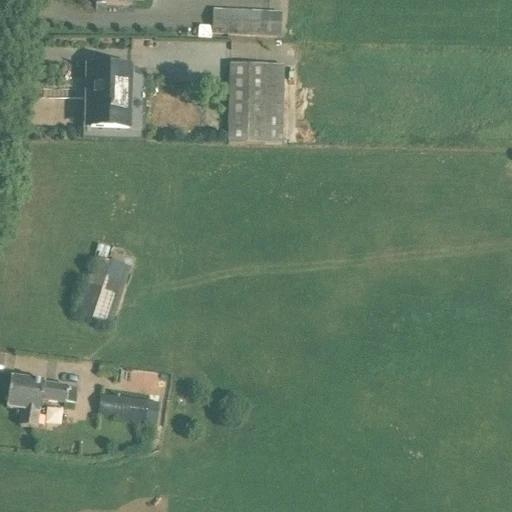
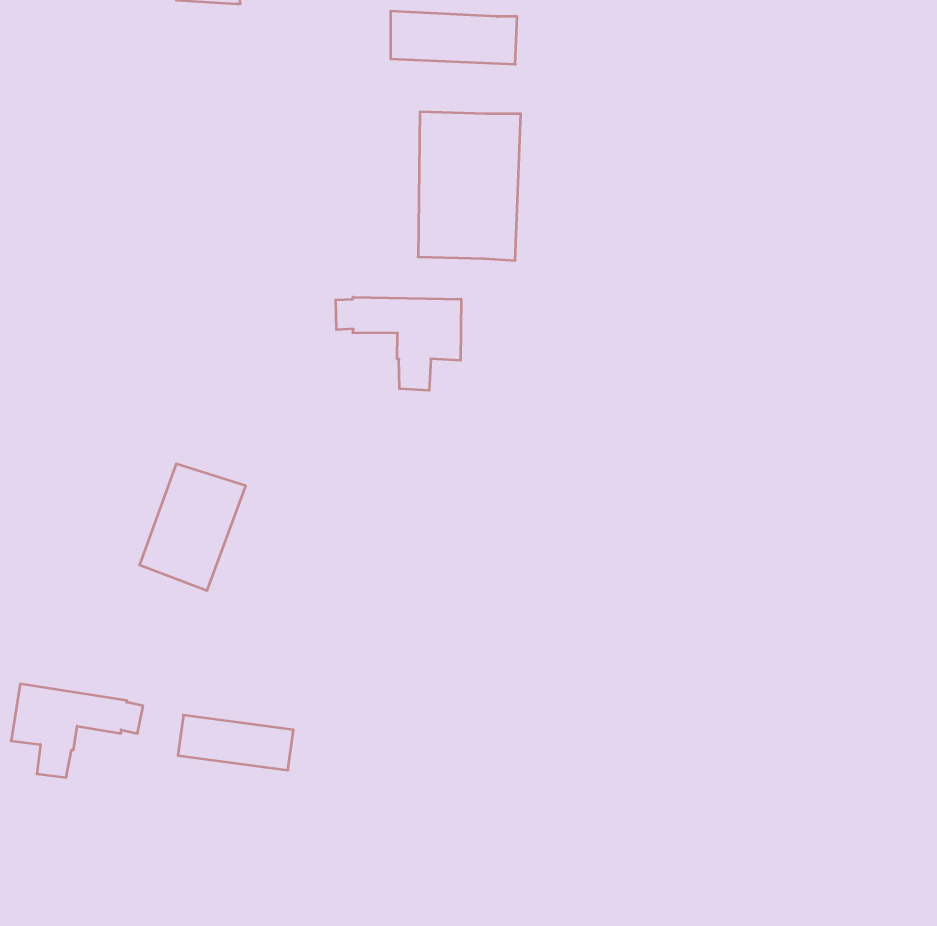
building: [86,62,129,125] -> none
building: none -> [336,297,461,390]

